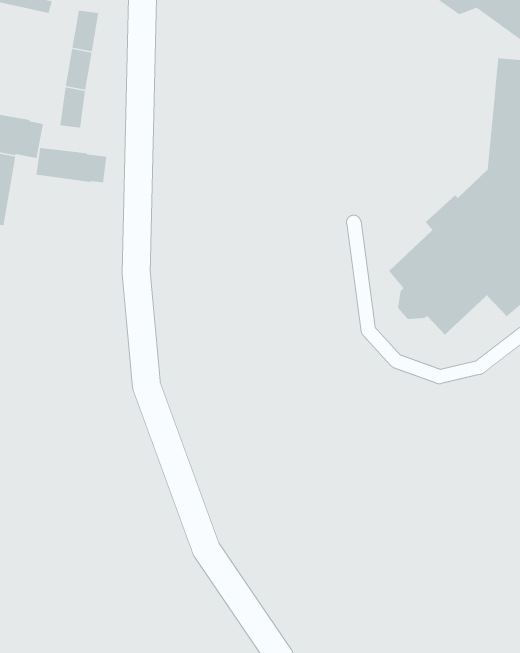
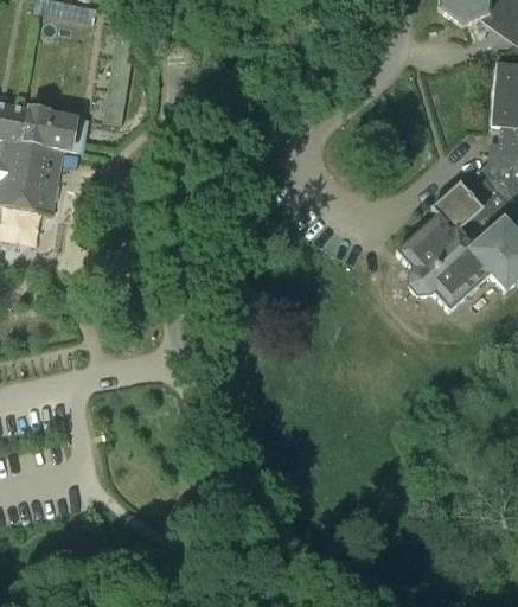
building: [36,147,107,183] -> none

